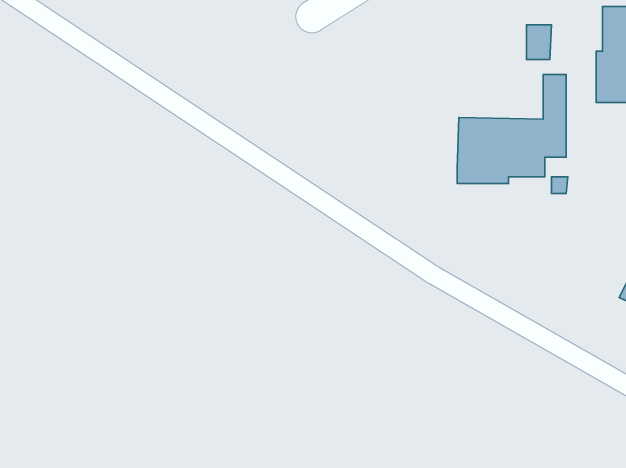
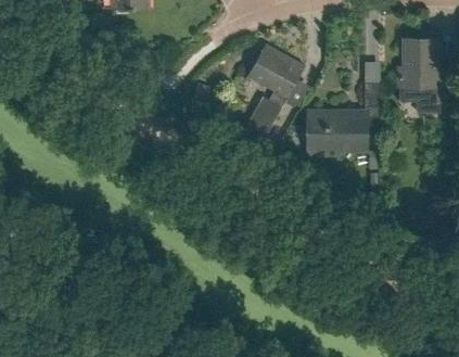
building: none -> [243,46,304,143]

